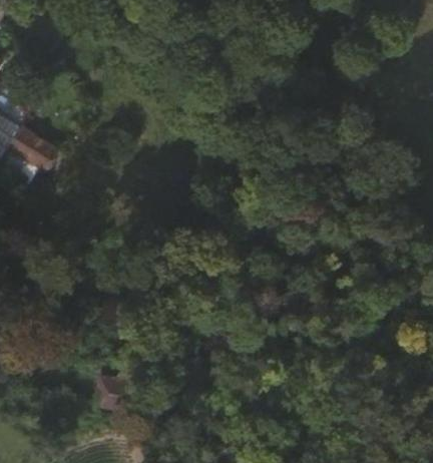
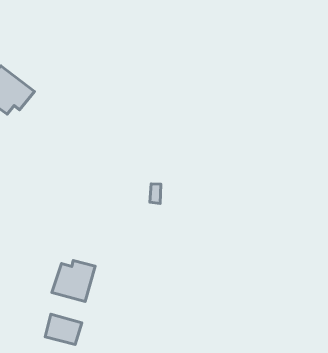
building: none -> [52,260,95,302]

